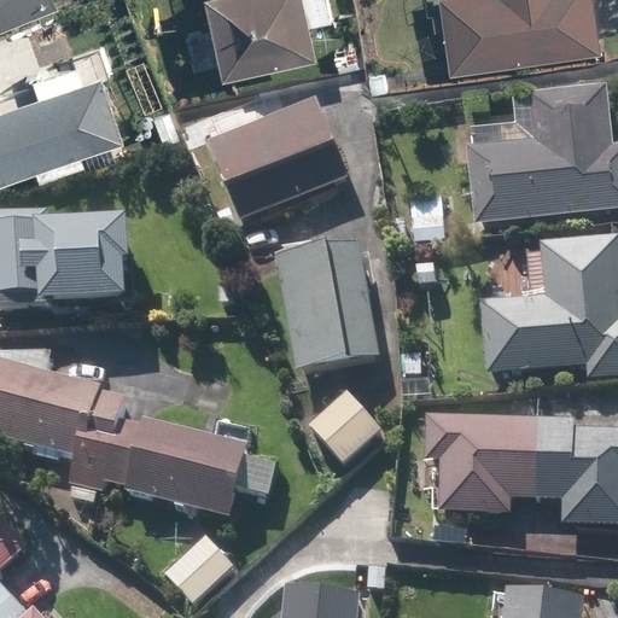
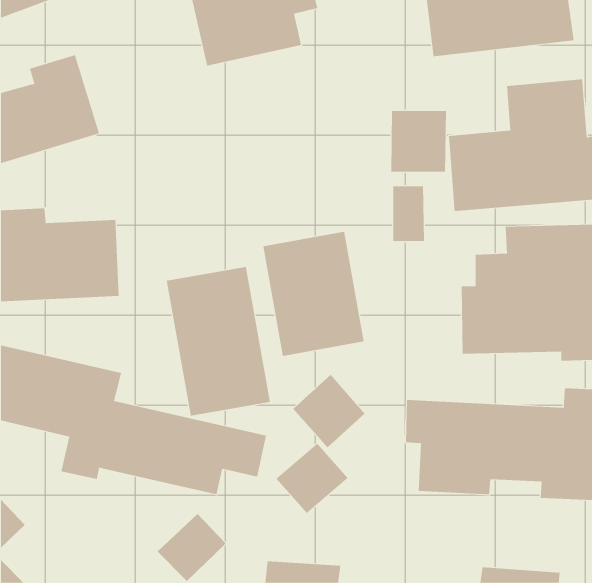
building: [200,100,343,222] -> none
building: none -> [391,110,446,172]
building: none -> [166,266,271,416]
building: none -> [276,443,348,514]

